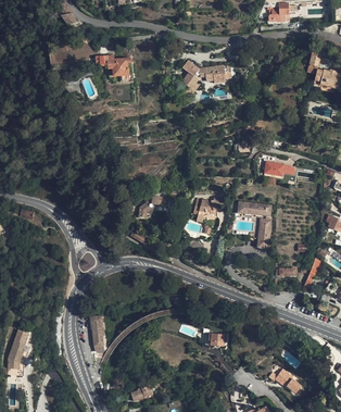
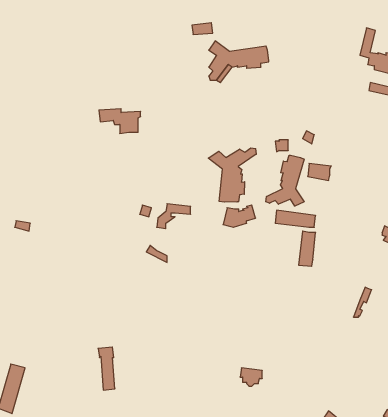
building: [96,55,130,76] -> [99,109,141,133]
building: none -> [208,148,256,202]
building: none -> [266,155,304,206]

